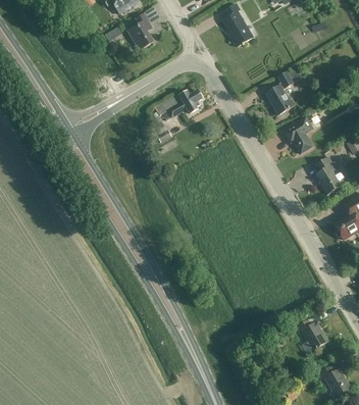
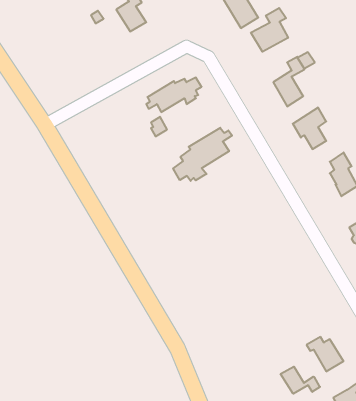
building: none -> [251,8,288,52]
building: none -> [173,128,232,181]
building: none -> [281,367,320,394]

